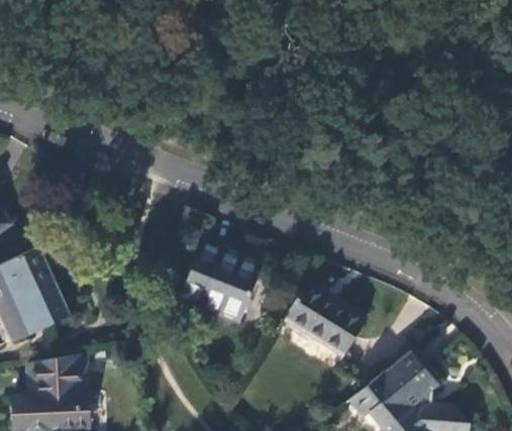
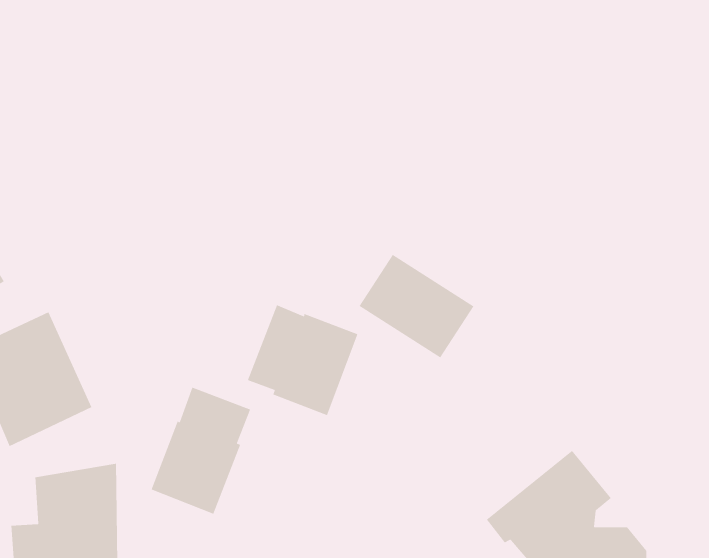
building: [280,282,363,356] -> [358,254,475,359]
building: none -> [151,387,251,515]

